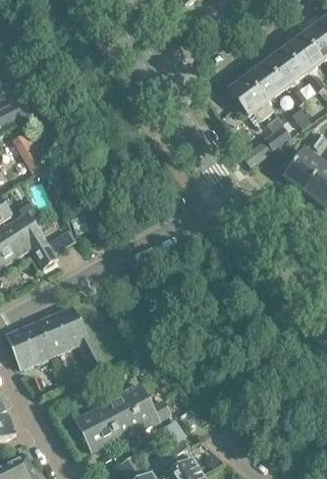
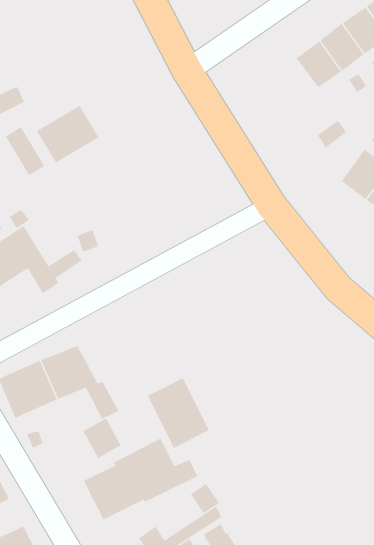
building: [229,76,273,118] -> none
building: none -> [36,105,100,163]
building: none -> [147,377,210,449]
building: none -> [82,418,121,459]

